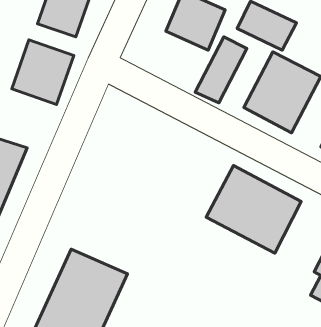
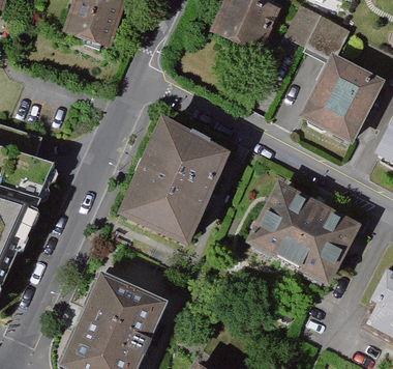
building: [195,37,247,103] -> none
building: [12,40,74,104] -> none
building: none -> [122,125,228,244]

